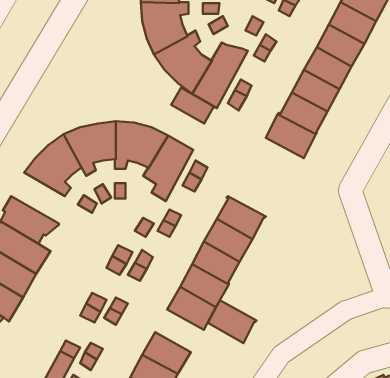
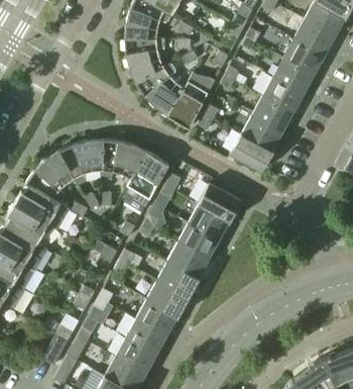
building: [171,88,215,123] -> none
building: none -> [14,183,69,228]
building: none -> [198,183,241,220]
building: [208,300,257,343] -> [136,299,178,335]

